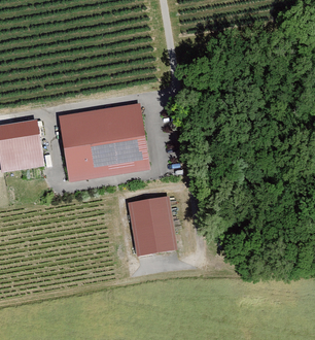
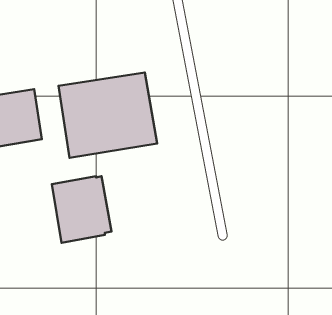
building: [128,195,183,257] -> [52,176,112,243]

